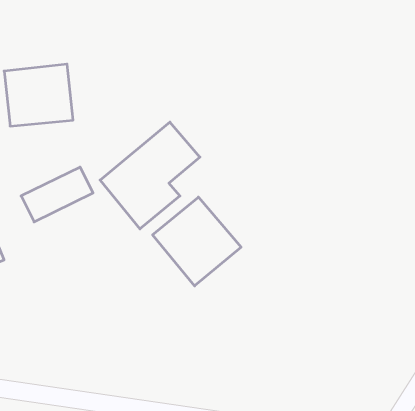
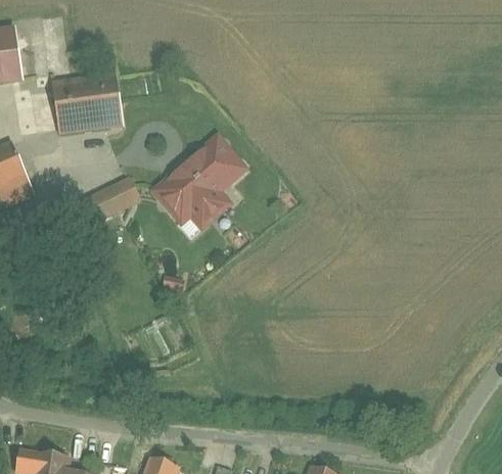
building: [153,197,241,286] -> none

